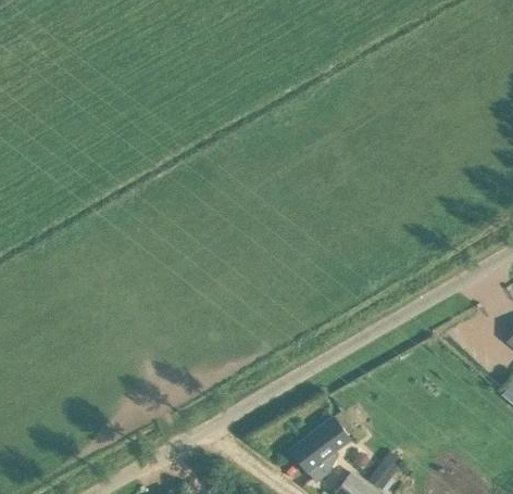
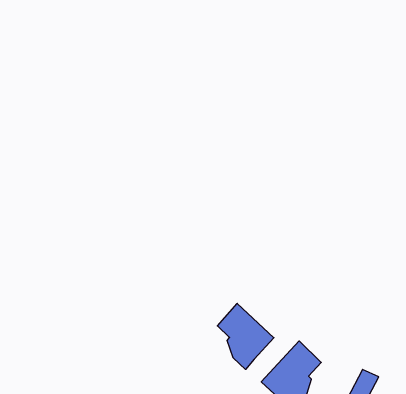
building: none -> [217,303,274,369]

